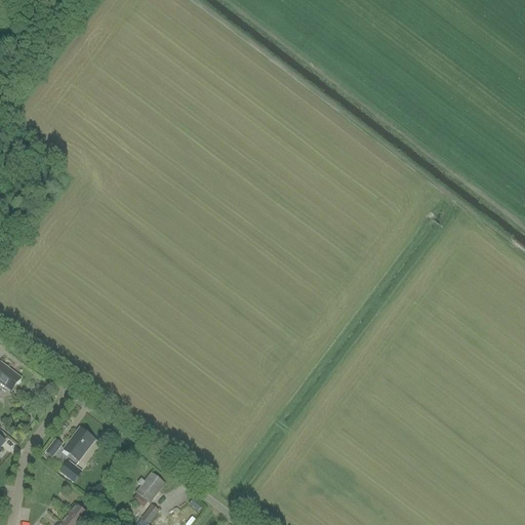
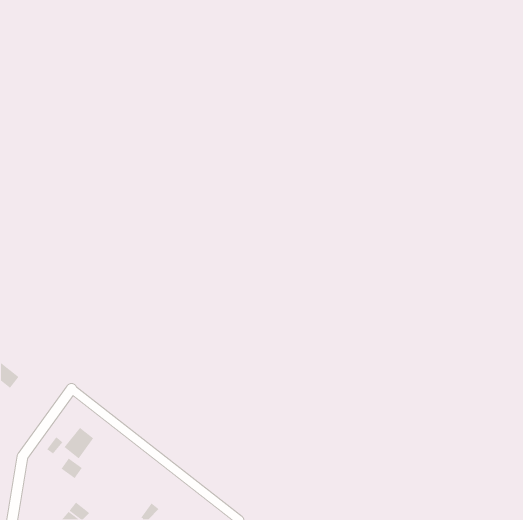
building: [134,472,164,502] -> none

